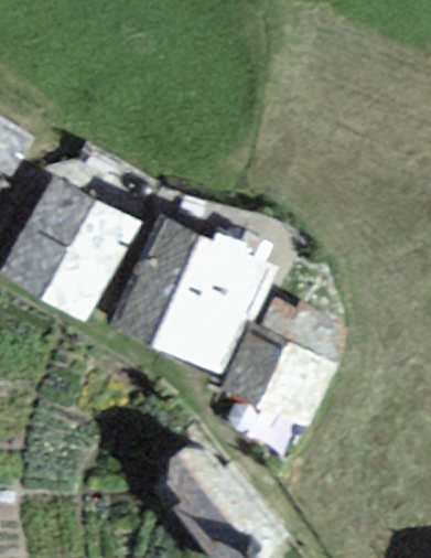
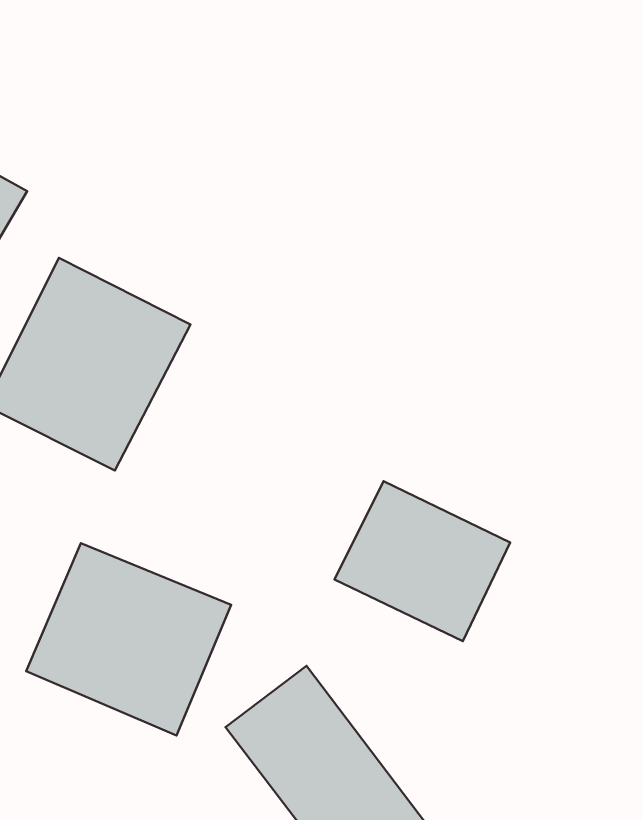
building: [117,224,266,372] -> none
building: none -> [26,543,231,736]

